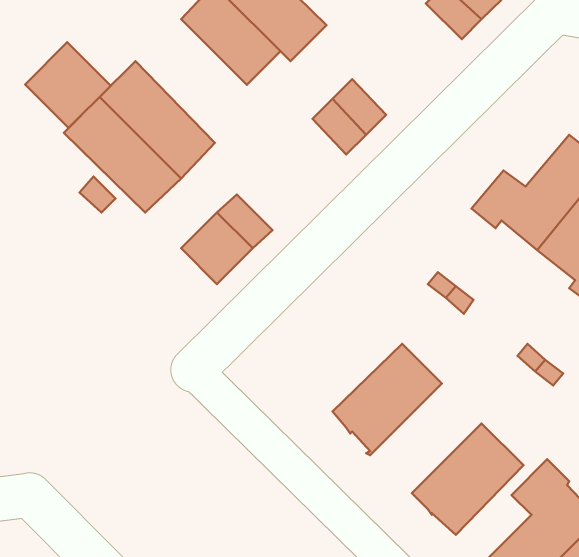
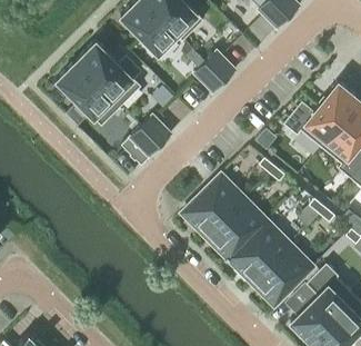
building: [25,42,111,128] -> none
building: none -> [182,175,244,237]
building: none -> [227,221,289,283]

